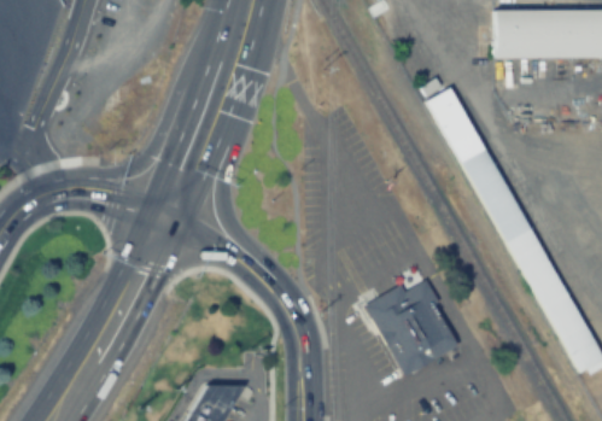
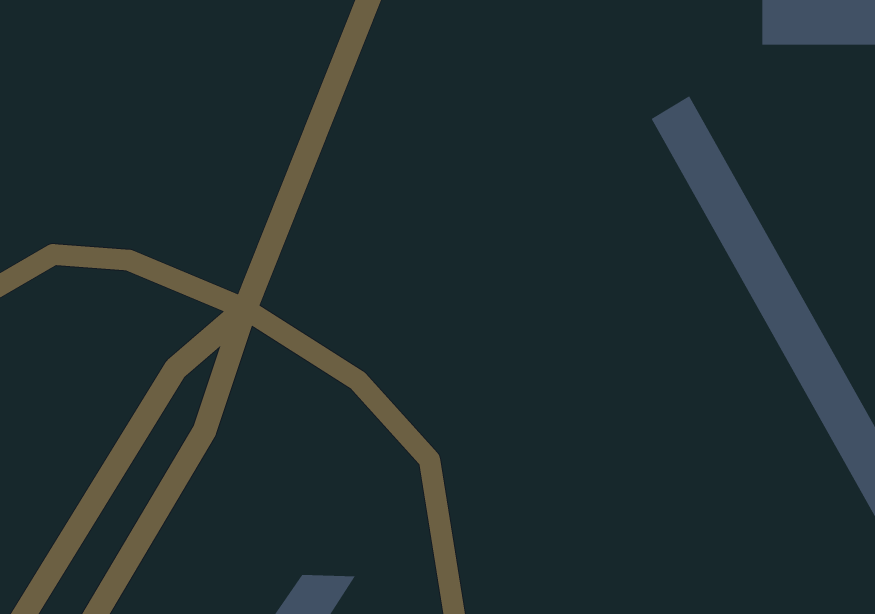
building: [367,283,460,376] -> none

